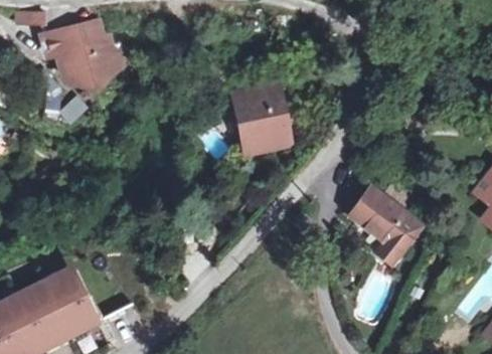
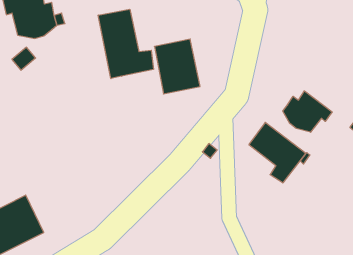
building: none -> [98,9,153,79]
building: none -> [283,91,332,132]

